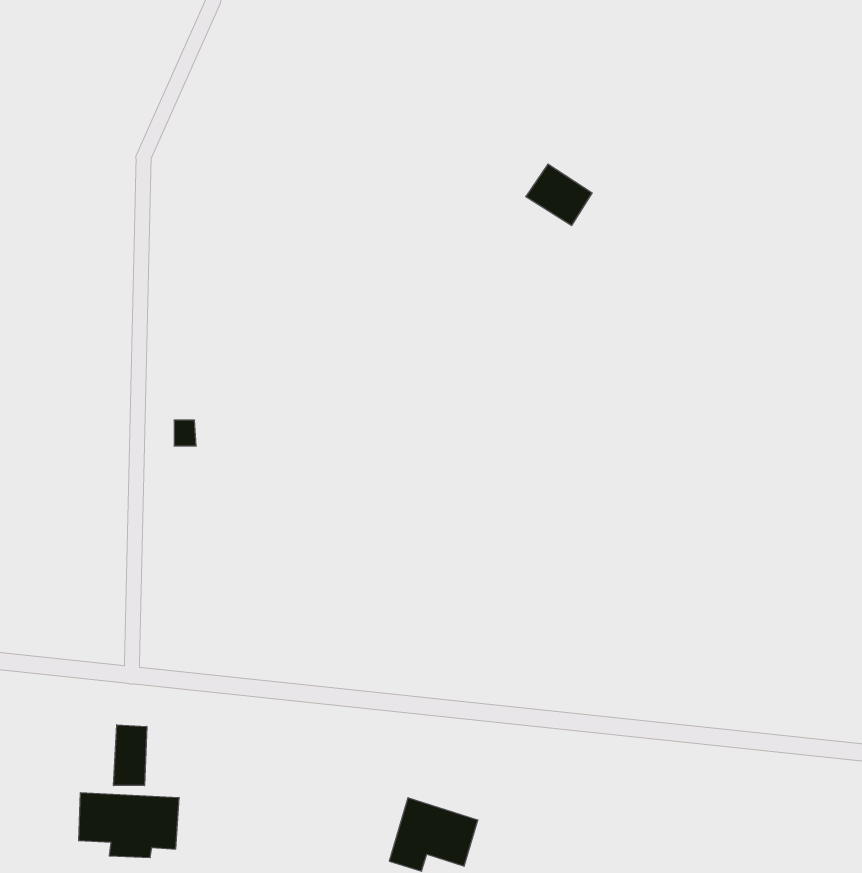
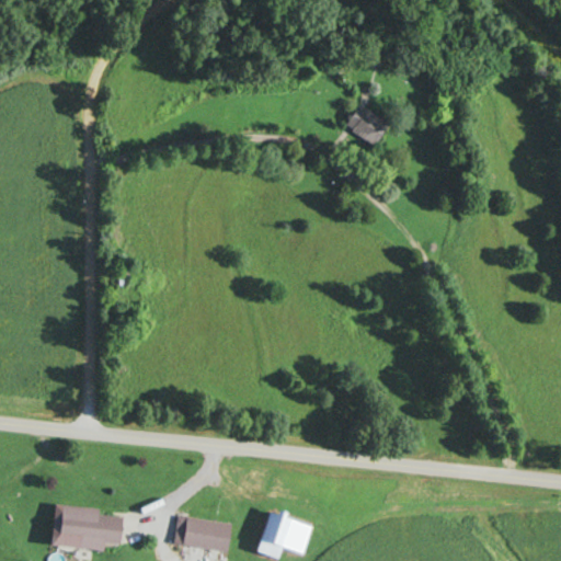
building: [114,725,147,786] -> none
building: none -> [182,516,234,553]

